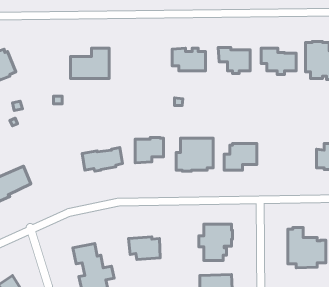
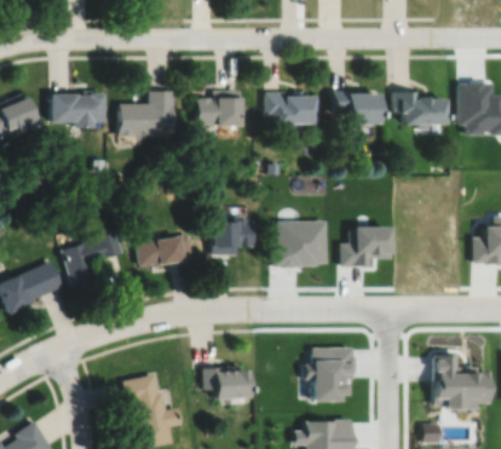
building: none -> [50,91,104,128]
building: none -> [196,91,241,127]
building: none -> [61,231,123,287]

